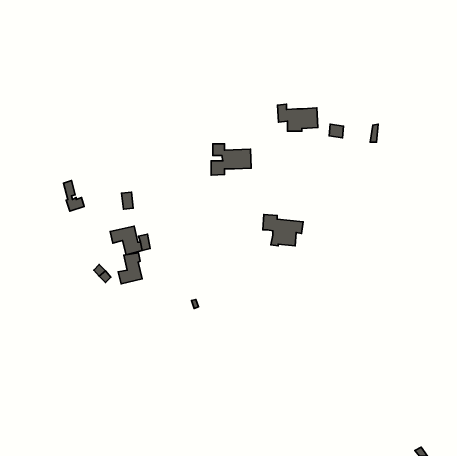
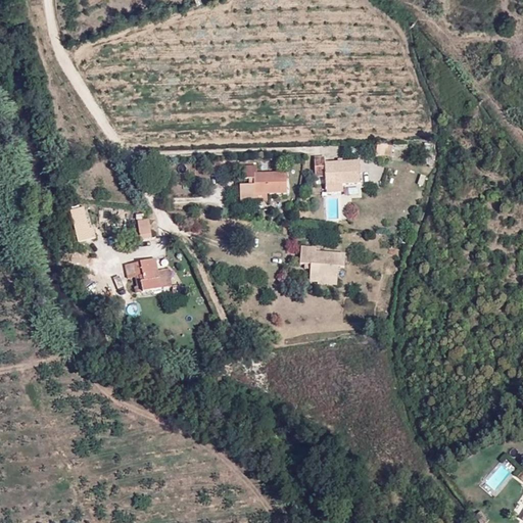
building: [278,104,318,131] -> [315,155,361,186]
building: [118,253,142,284] -> none

